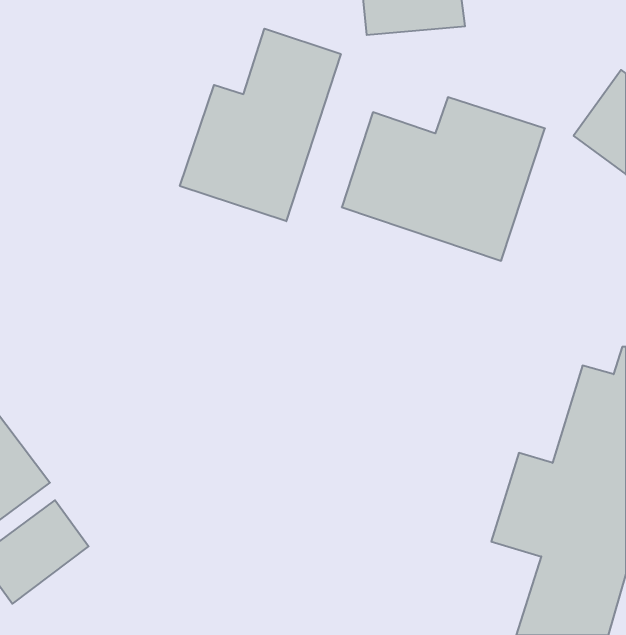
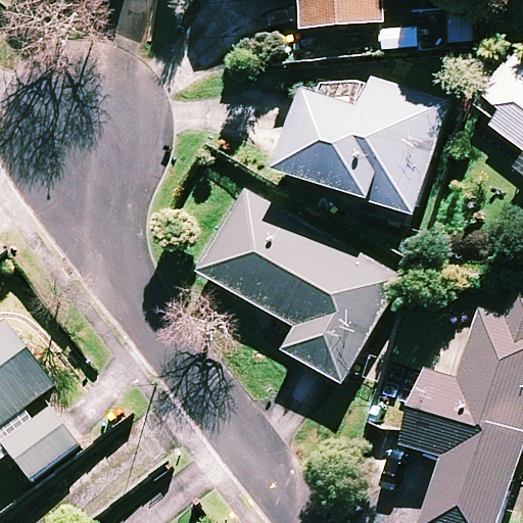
building: [180,29,341,221] -> none
building: none -> [198,191,399,382]

